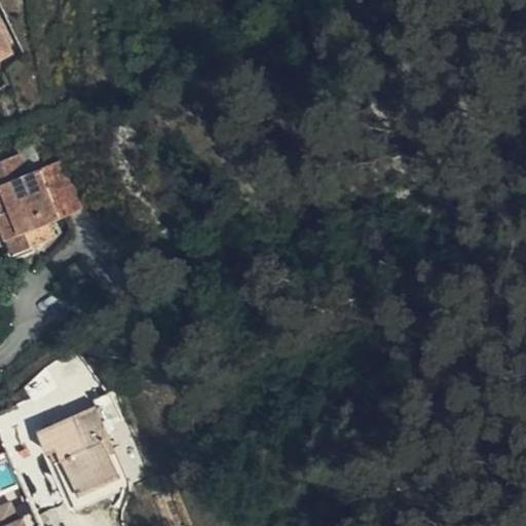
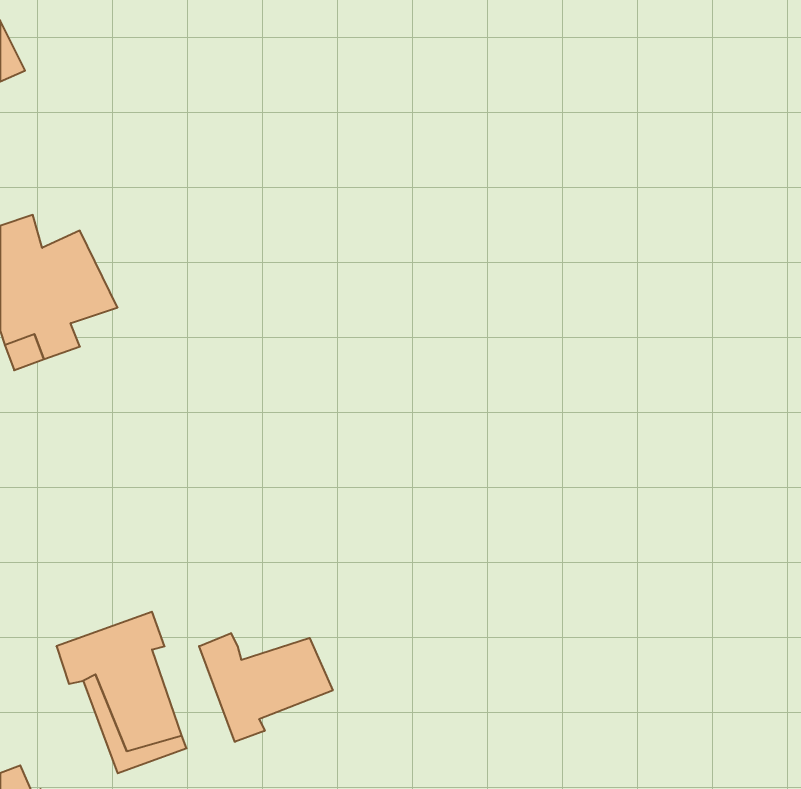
building: none -> [199,633,333,742]

